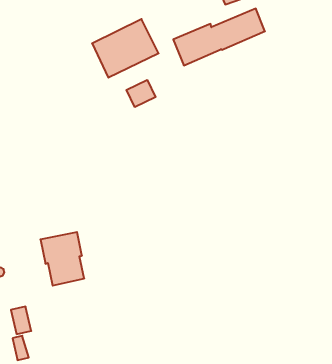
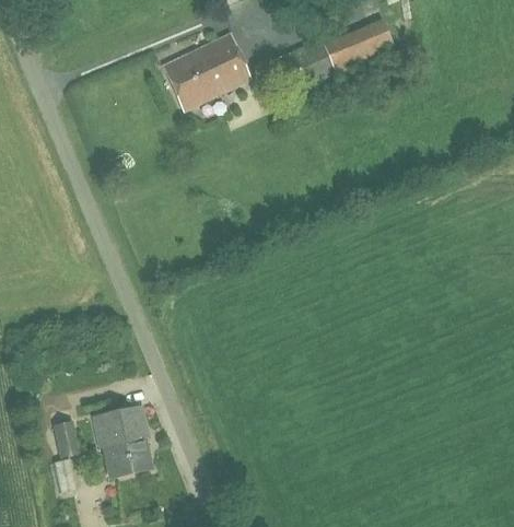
building: [126,80,156,107] -> none
building: [40,232,84,286] -> [93,405,152,477]

